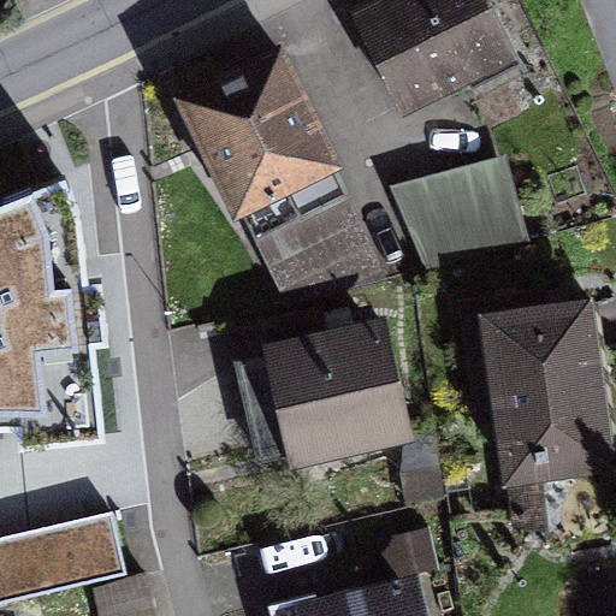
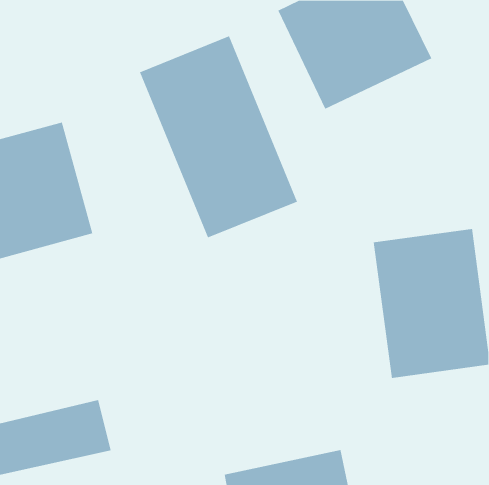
building: [390,160,522,271] -> none
building: [256,322,415,478] -> none

